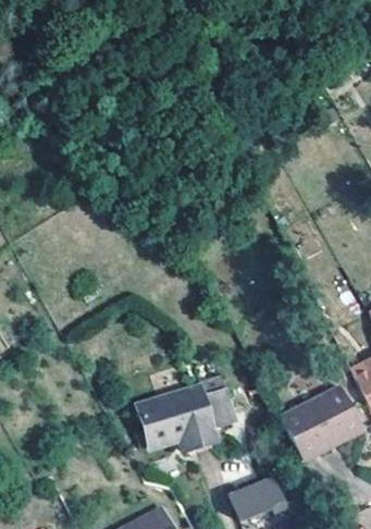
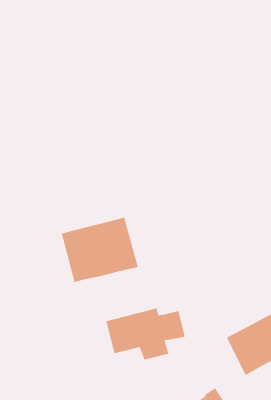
building: none -> [61,217,139,283]

